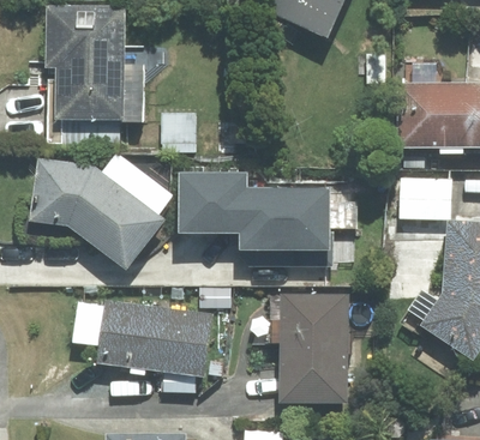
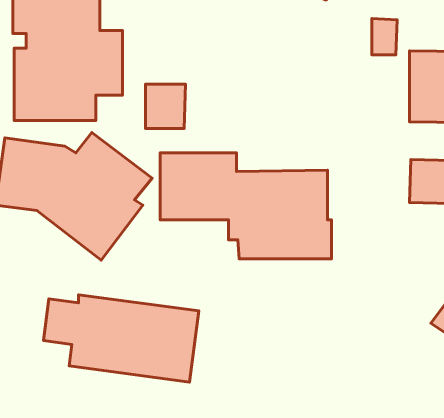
building: [272,295,348,402] -> none

